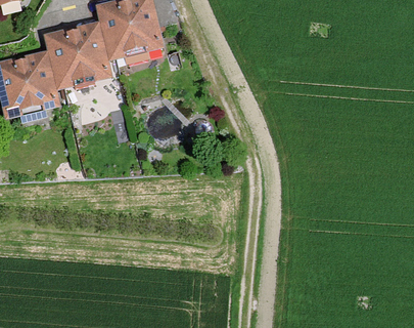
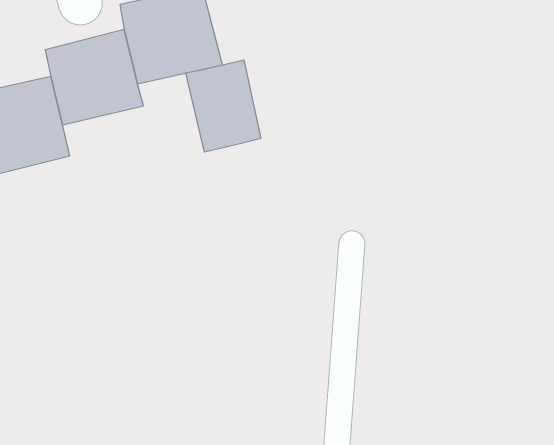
building: none -> [186,60,261,152]

